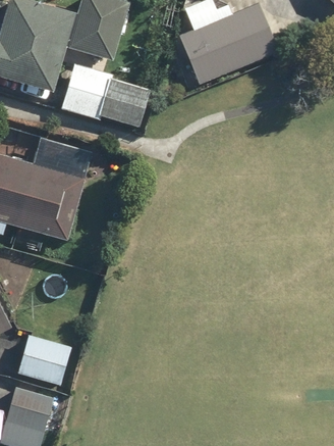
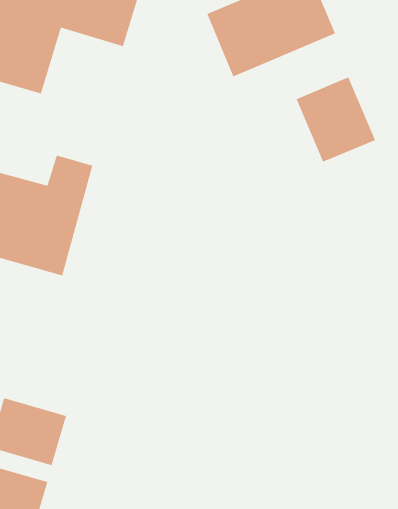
building: [57,63,147,128] -> none
building: none -> [296,77,376,163]

